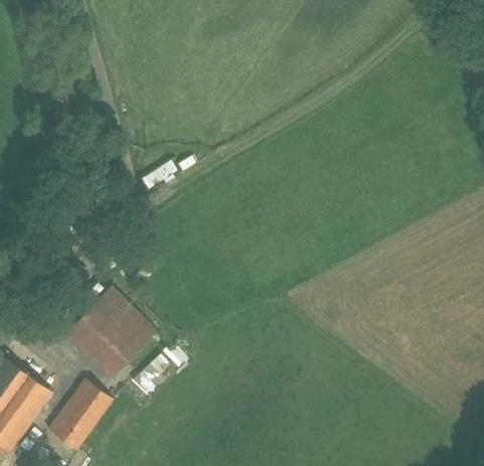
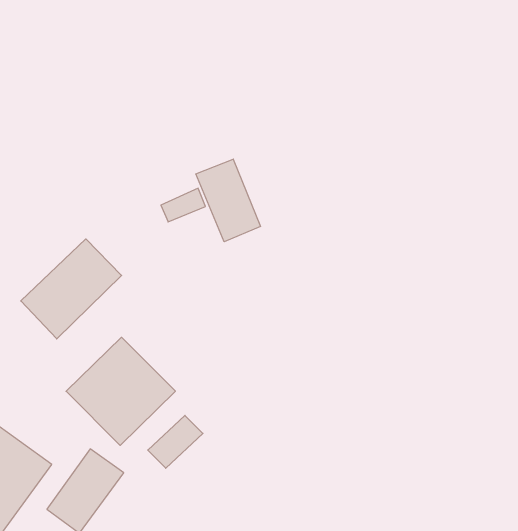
building: none -> [196,159,261,242]
building: none -> [21,239,122,339]

